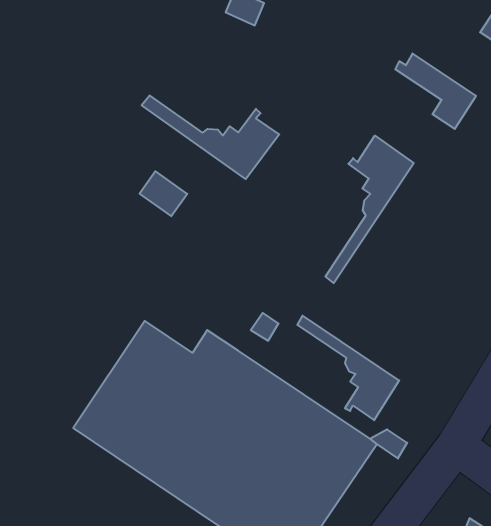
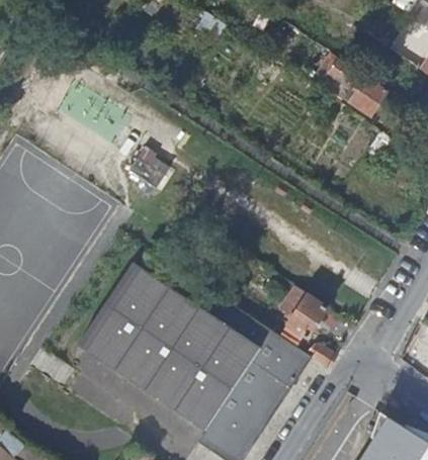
building: [142,95,279,179] -> none
building: [325,136,414,283] -> none

